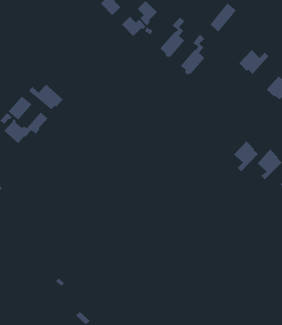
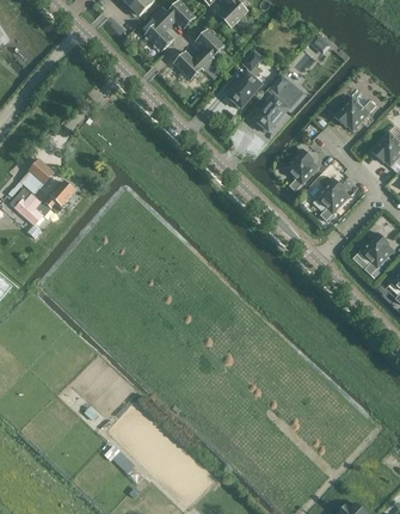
building: [28,84,64,110] -> none
building: none -> [283,149,318,192]
building: [233,141,259,172] -> [314,178,349,221]

